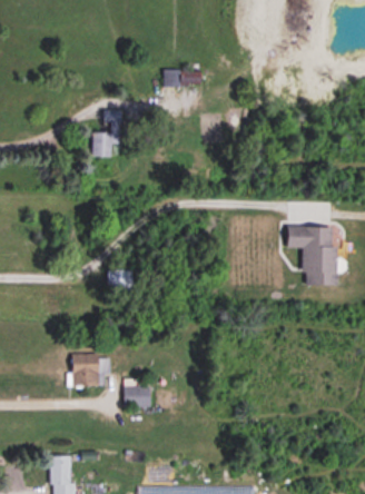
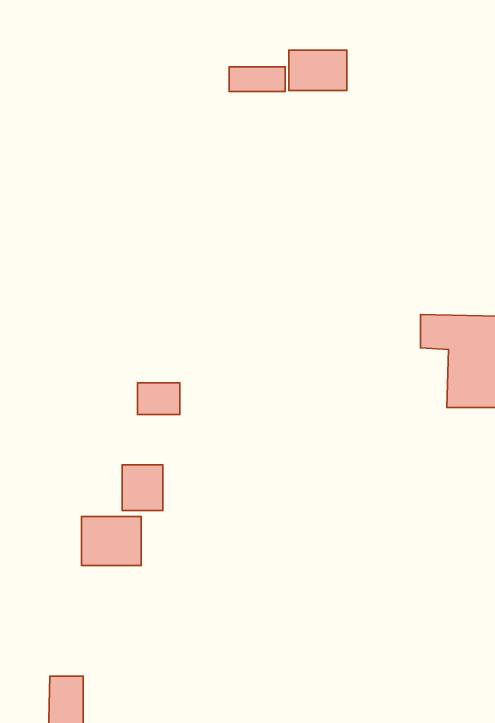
building: none -> [289,50,347,91]
building: [92,109,122,156] -> none
building: [124,378,149,407] -> [122,465,163,510]

